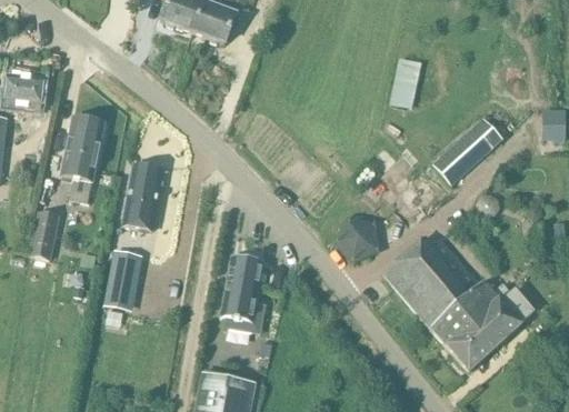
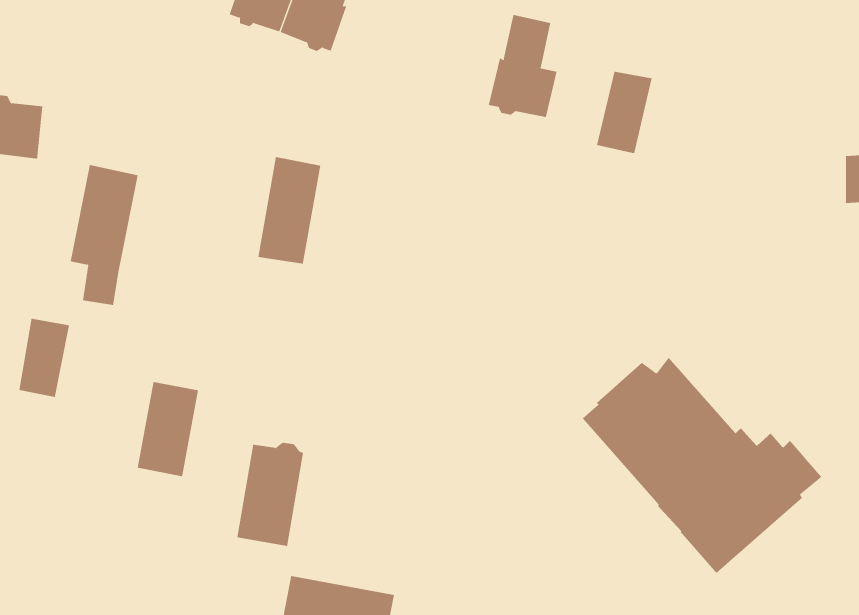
building: none -> [488,14,557,118]
building: [431,115,505,185] -> none
building: [122,162,162,230] -> [258,157,321,264]
building: [333,217,380,263] -> none
building: [221,254,263,320] -> [237,442,304,546]

